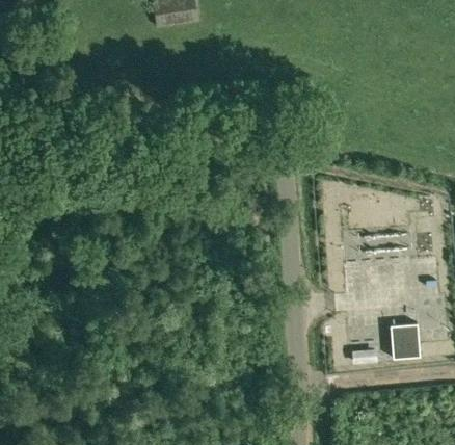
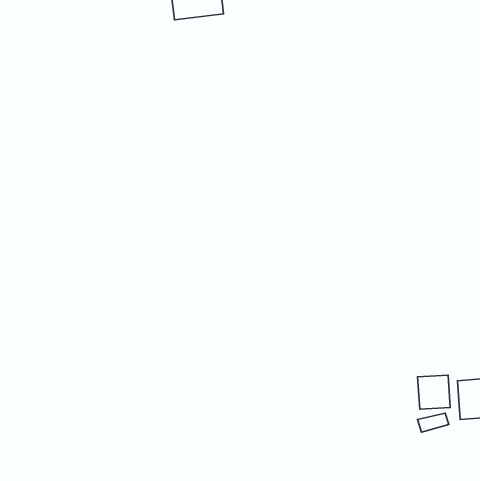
building: none -> [418,375,450,409]

